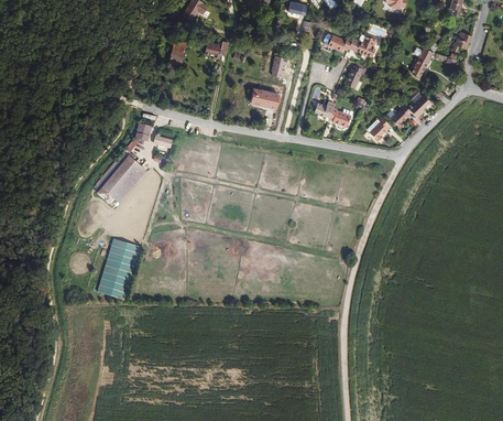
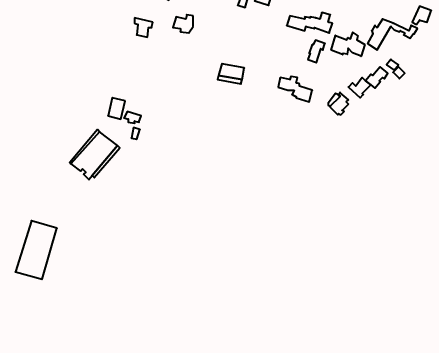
building: none -> [331,32,365,56]
building: [98,241,141,302] -> [15,221,57,279]

